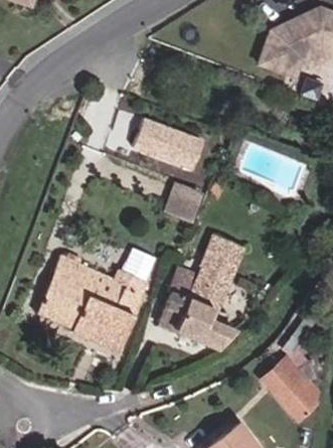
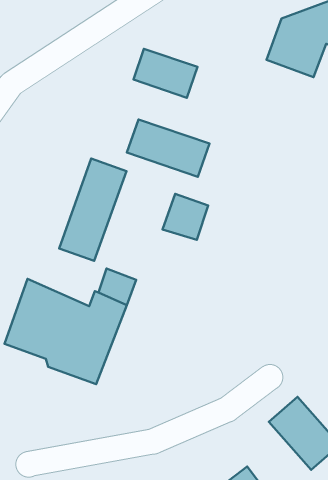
building: none -> [134,49,197,98]
building: none -> [59,159,126,261]
building: [155,228,239,345] -> none

